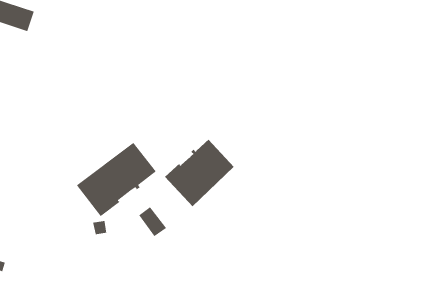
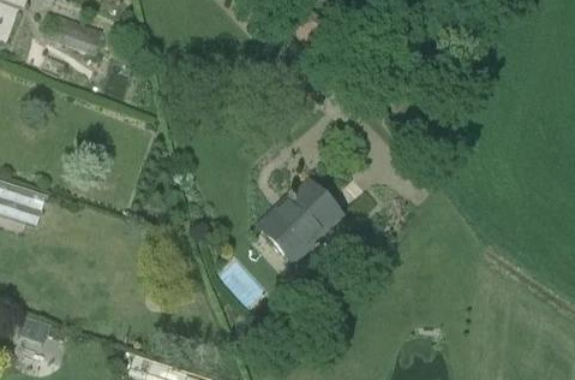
building: [76,142,157,217] -> none

